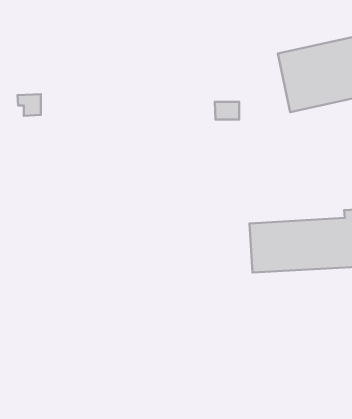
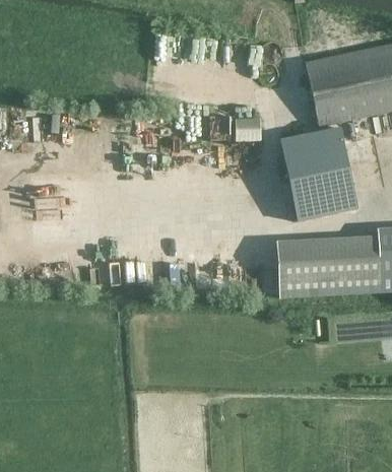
building: none -> [280,127,356,219]

